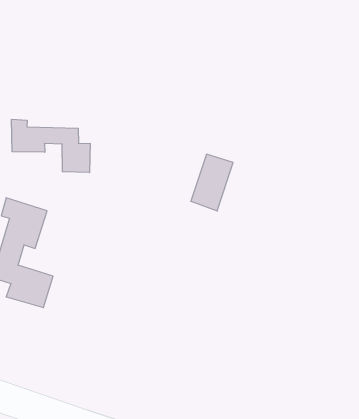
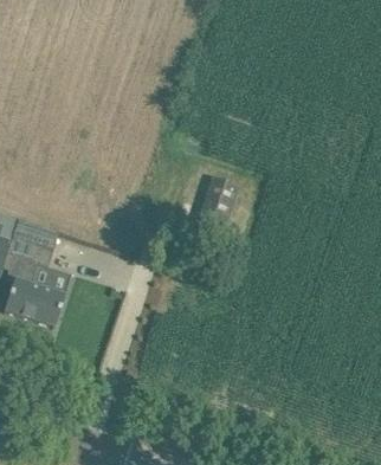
building: [11,119,90,173] -> none

